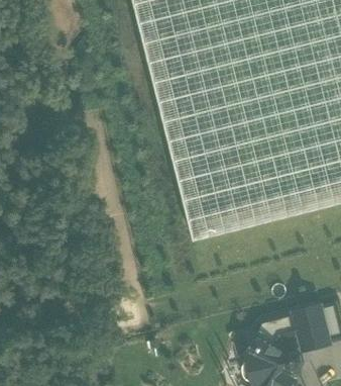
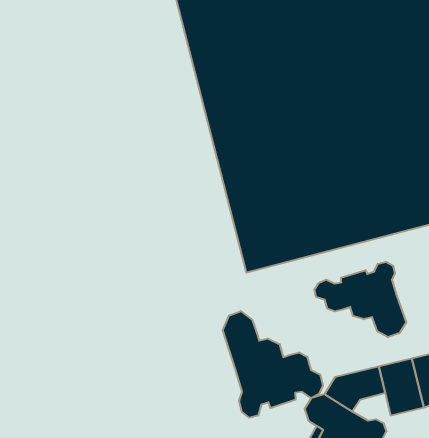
building: none -> [314,262,406,337]
building: none -> [223,311,323,418]

